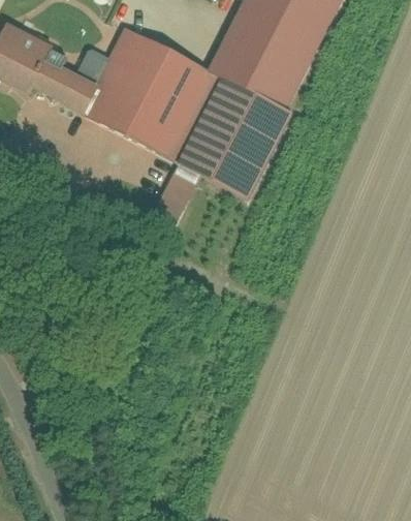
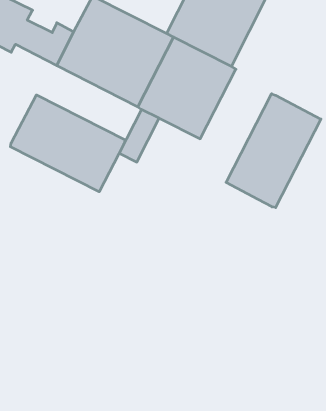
building: none -> [226,94,321,208]
building: none -> [10,95,125,192]

